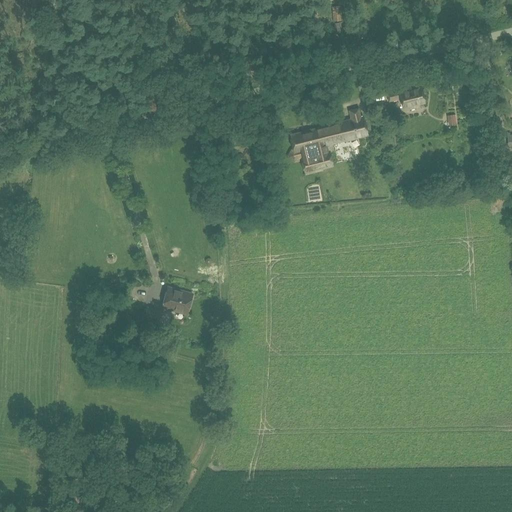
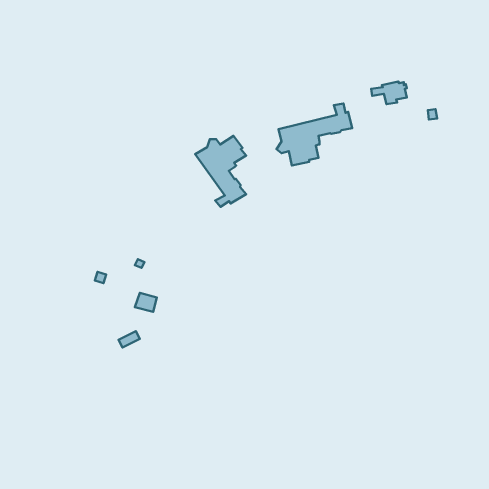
building: none -> [195,136,246,207]
building: [163,287,193,313] -> none

